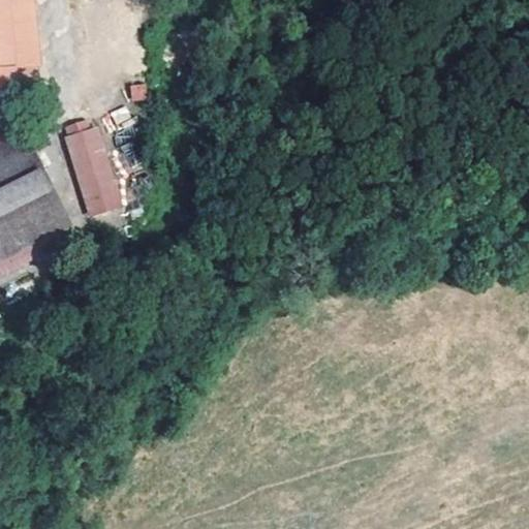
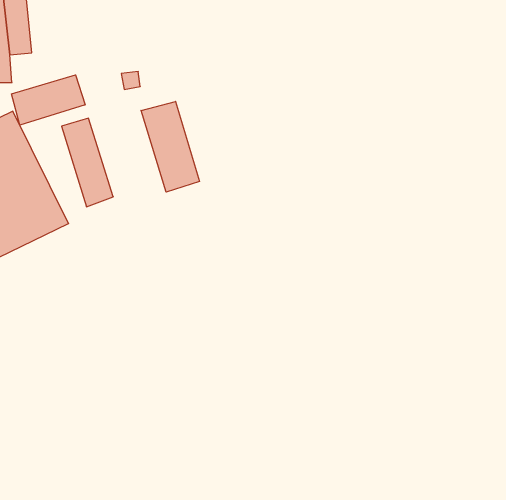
building: none -> [11,75,85,125]
building: none -> [141,101,200,192]

